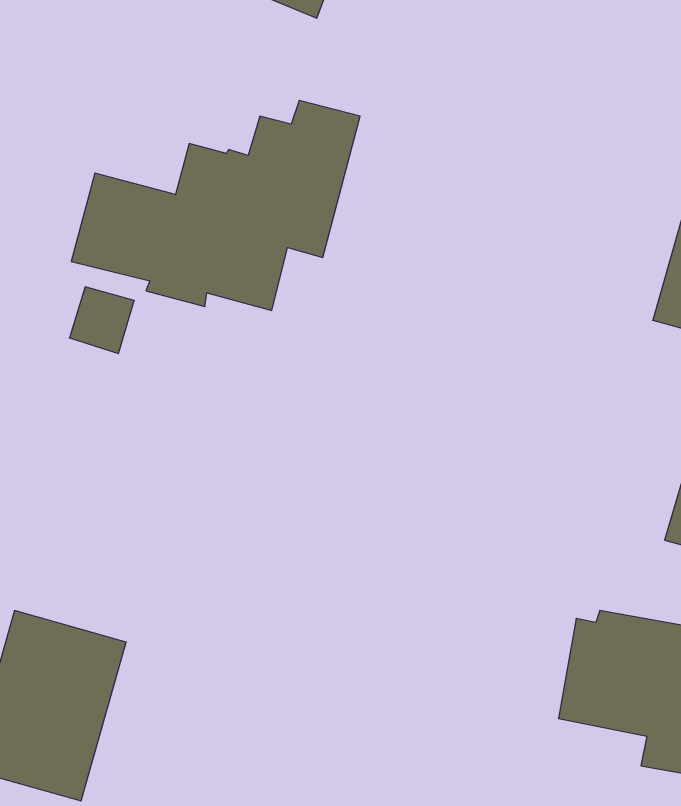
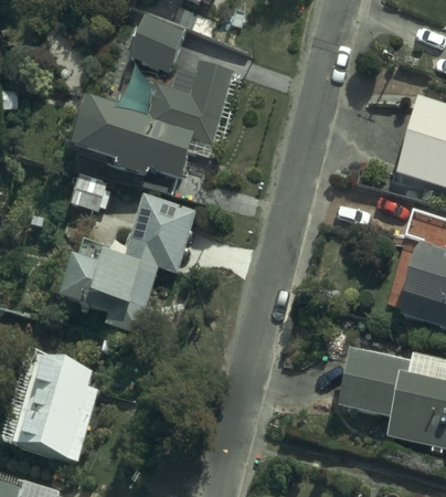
building: none -> [123,8,188,71]
building: none -> [57,195,194,337]

